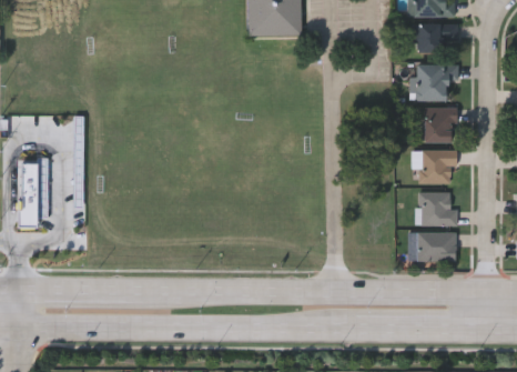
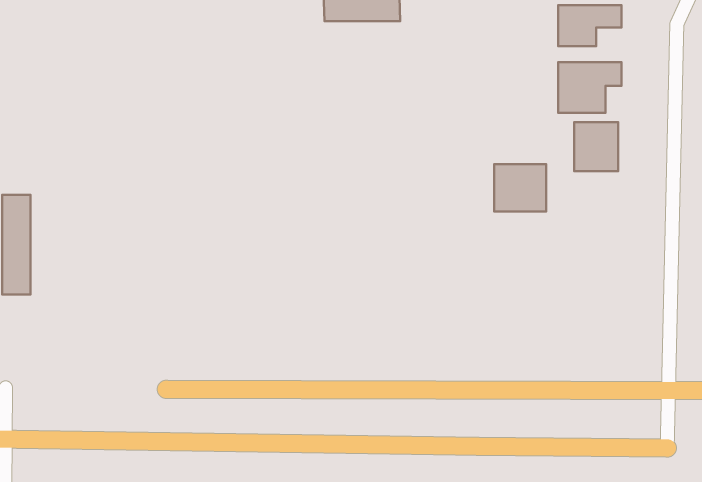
building: [418,150,455,183] -> [494,164,546,211]
building: [419,191,456,225] -> none
building: [417,231,455,260] -> none

